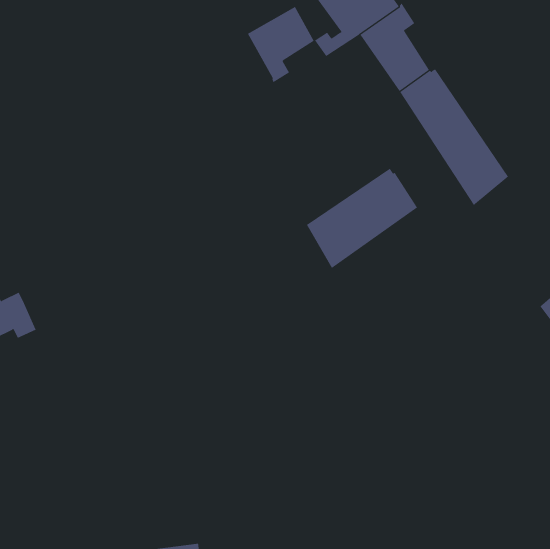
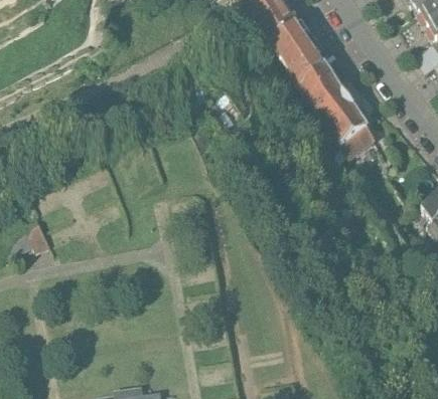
building: [247,6,315,83] -> none
building: [306,168,418,269] -> none

